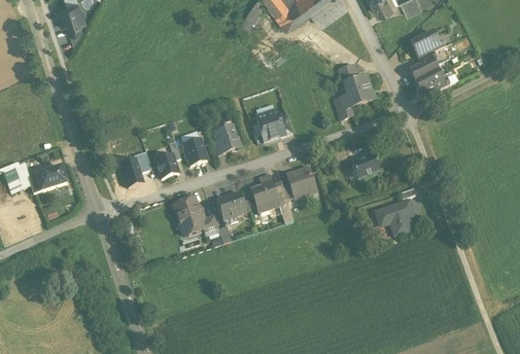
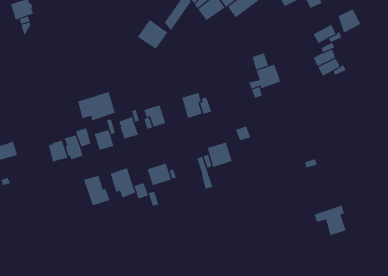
building: none -> [338,9,361,33]
building: none -> [137,19,168,50]
building: none -> [77,91,116,121]
building: [351,157,379,182] -> none
building: none -> [48,140,68,163]
building: [250,181,280,214] -> none
building: [375,202,413,238] -> [314,205,347,236]
building: none -> [83,175,110,206]

